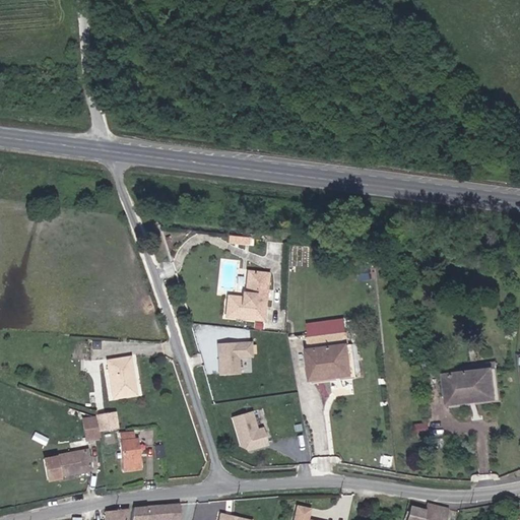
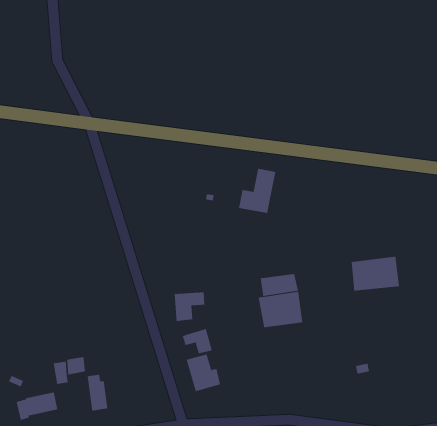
building: [230,269,271,319] -> [238,168,276,214]
building: [107,356,138,399] -> none
building: [445,366,499,404] -> [351,256,400,291]
building: none -> [182,328,213,354]

